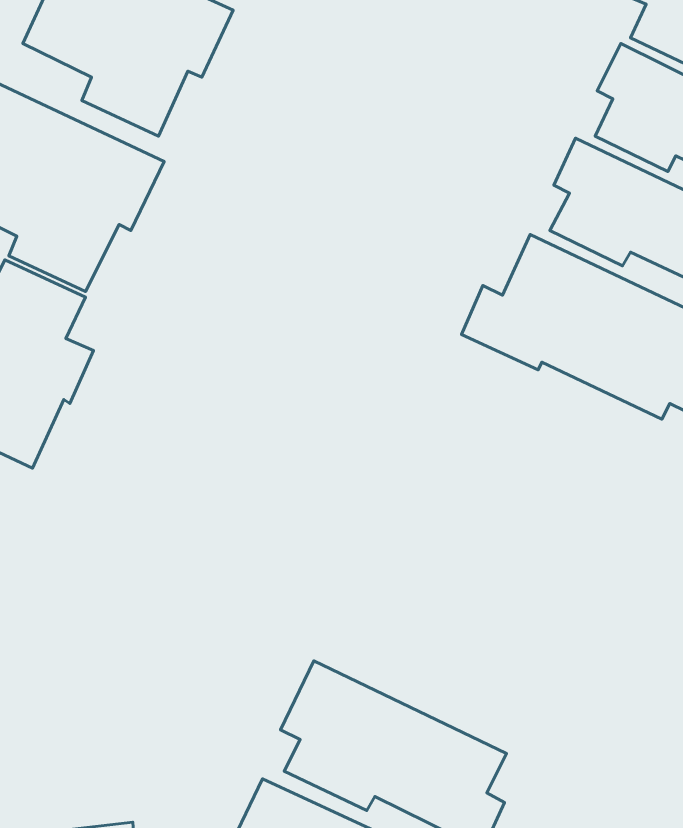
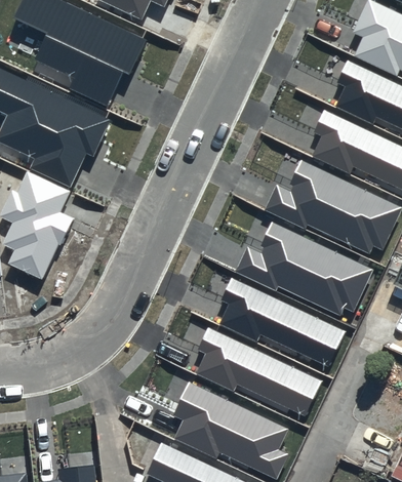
building: none -> [234,220,373,315]
building: none -> [218,278,345,367]
building: none -> [195,327,322,416]

